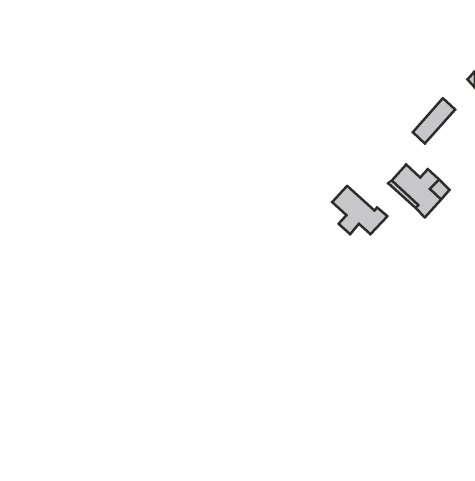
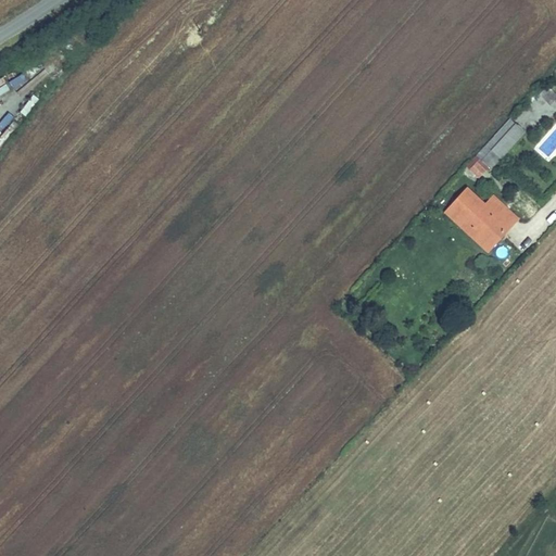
building: [332,186,387,234] -> none

